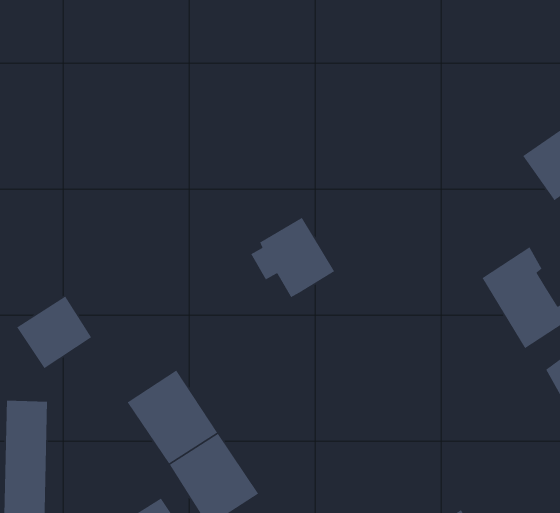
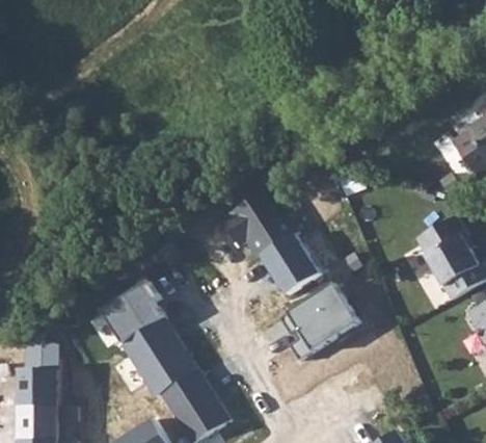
building: none -> [265,236,317,292]
building: [16,296,92,369] -> [102,282,164,342]
building: none -> [281,284,358,362]

